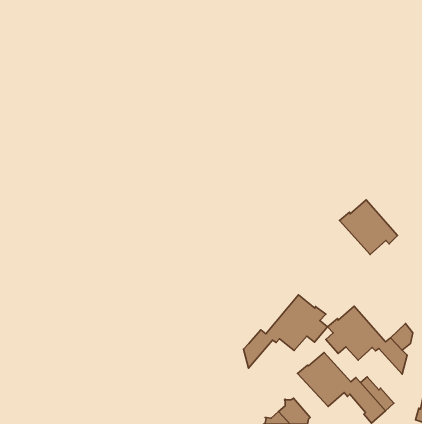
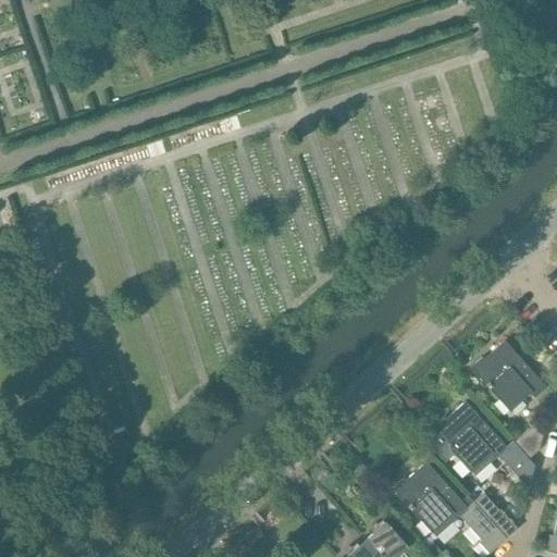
building: [339,200,398,255] -> [471,341,547,412]
building: [244,295,327,368] -> none

